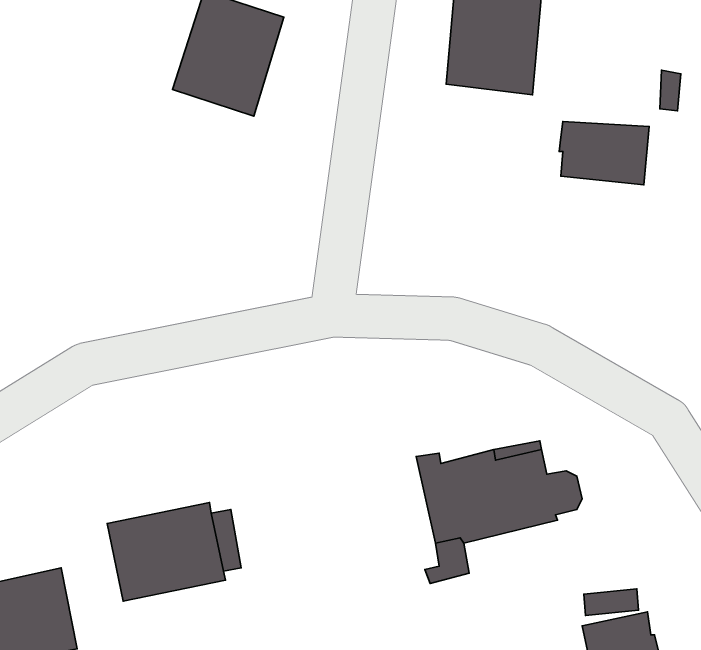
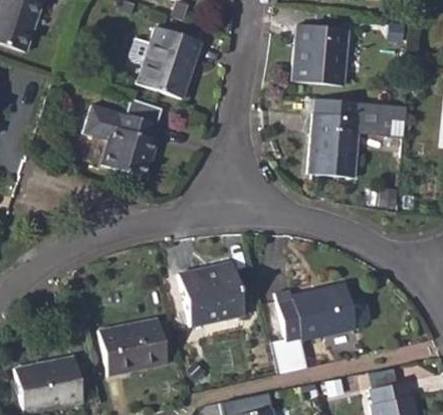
building: none -> [307,97,358,178]
building: none -> [82,105,157,177]
building: none -> [178,262,242,327]

